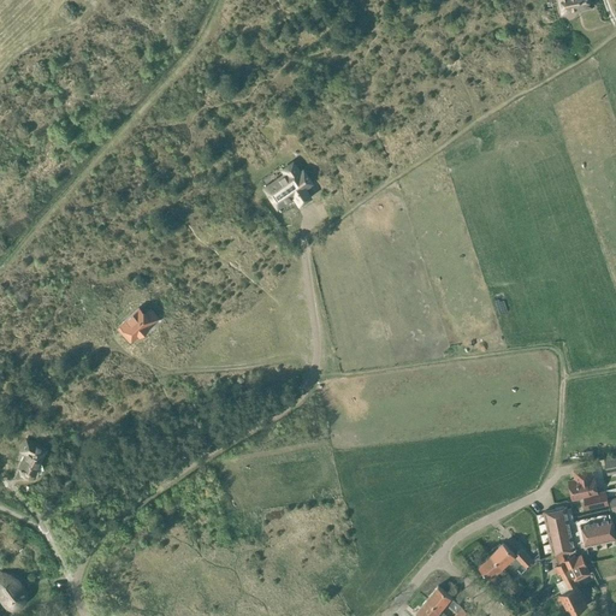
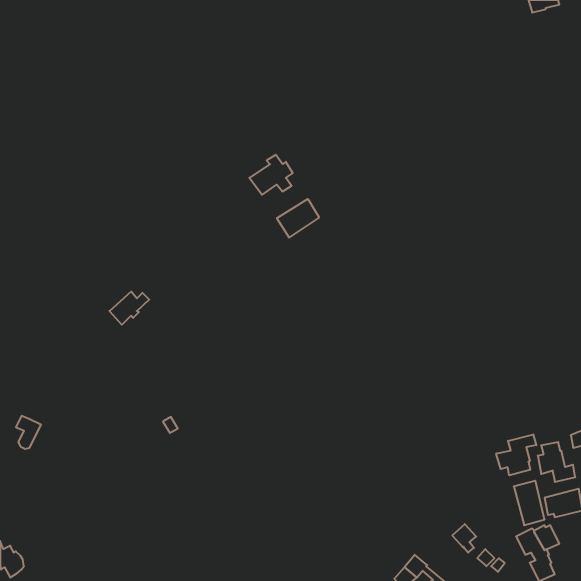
building: none -> [277,199,319,238]
building: none -> [496,434,536,475]
building: [492,544,534,569] -> none

